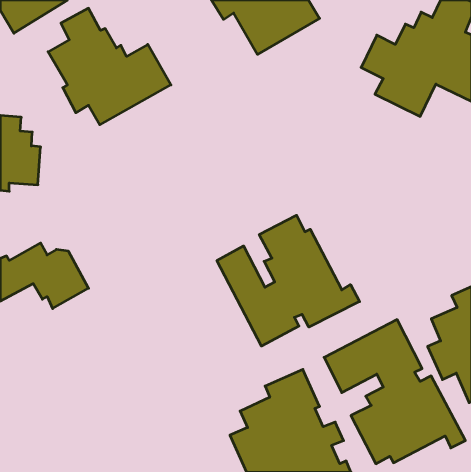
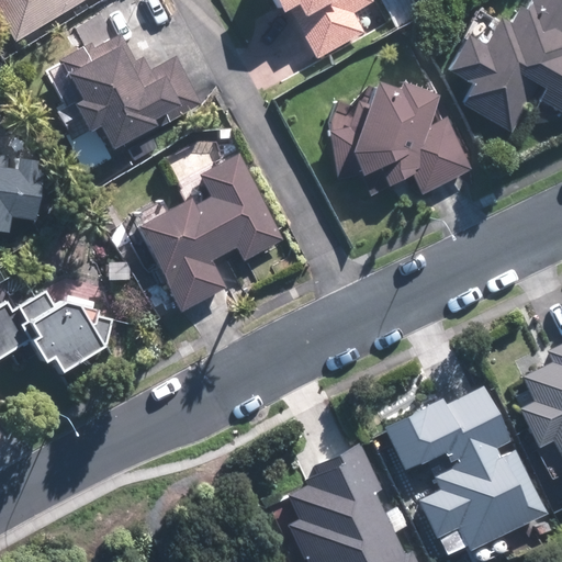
building: none -> [319,89,467,201]
building: none -> [140,151,285,304]
building: [217,215,360,346] -> none

